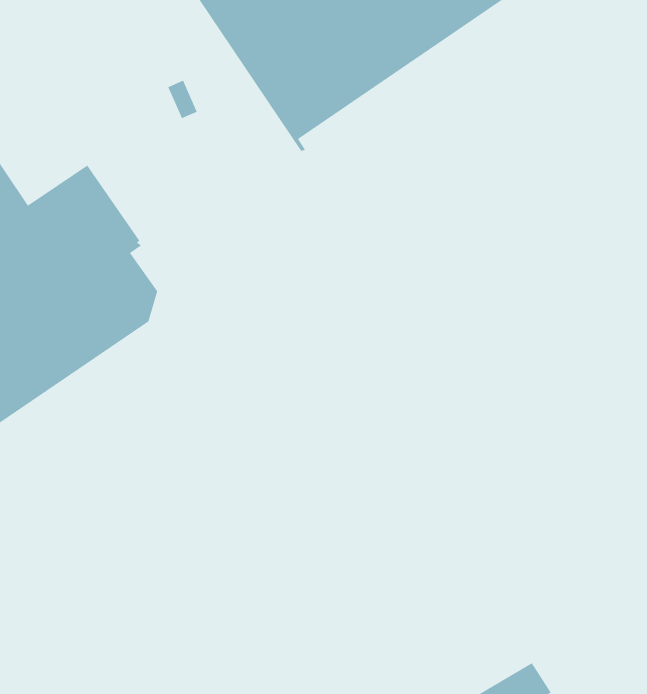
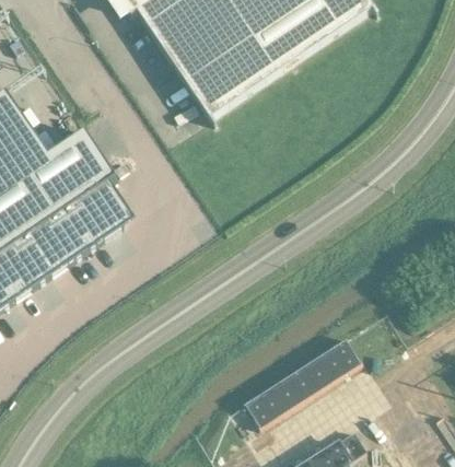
building: none -> [241,338,360,428]

